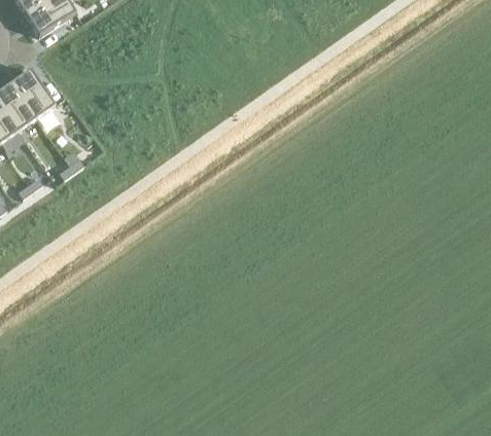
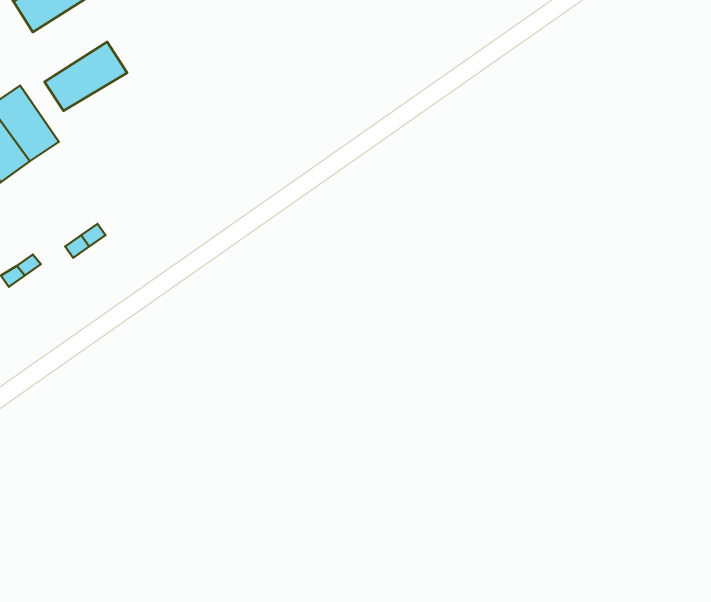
building: none -> [44,42,127,111]

